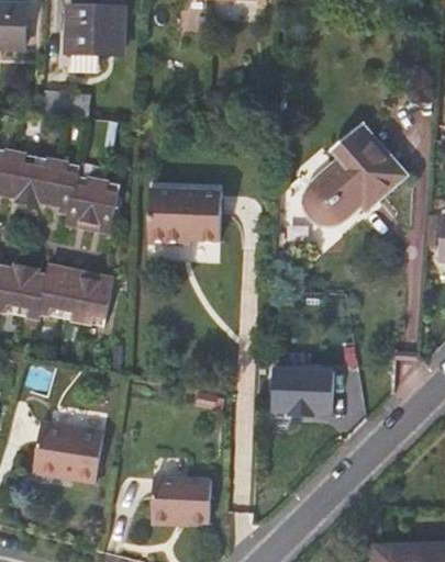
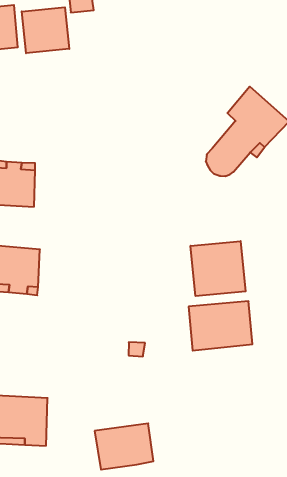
building: none -> [22,7,69,53]
building: [147,187,220,246] -> none
building: none -> [191,241,246,296]

